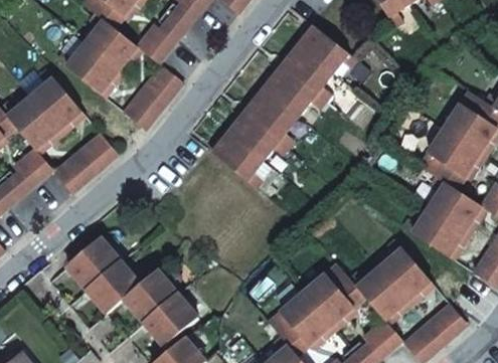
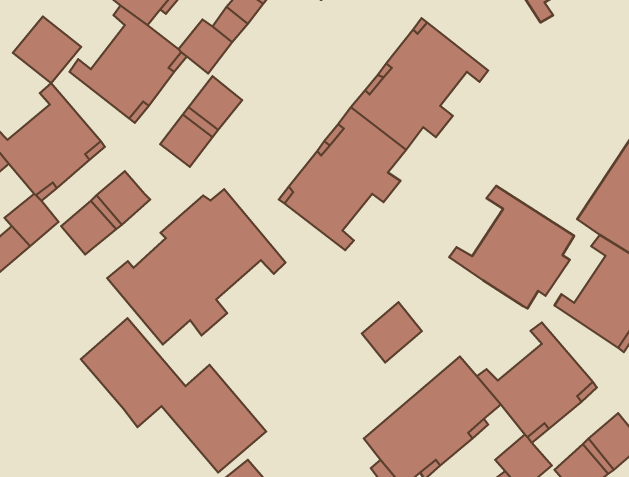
building: none -> [13,17,81,83]
building: none -> [449,186,574,309]
building: none -> [107,189,286,345]
building: none -> [362,302,422,363]

